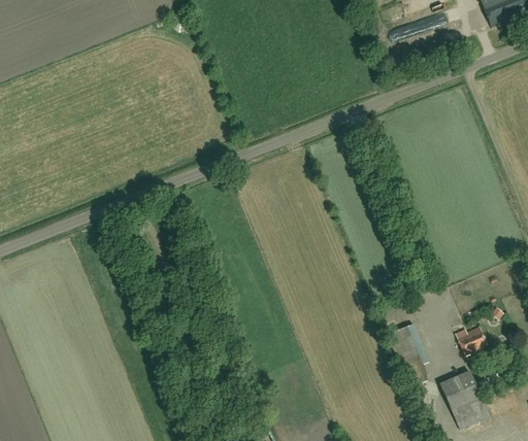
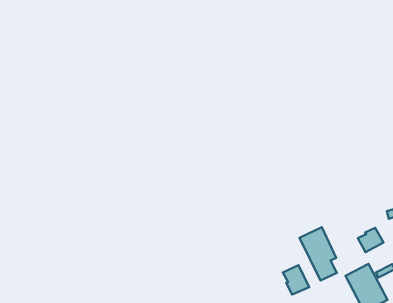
building: none -> [283,265,309,295]

